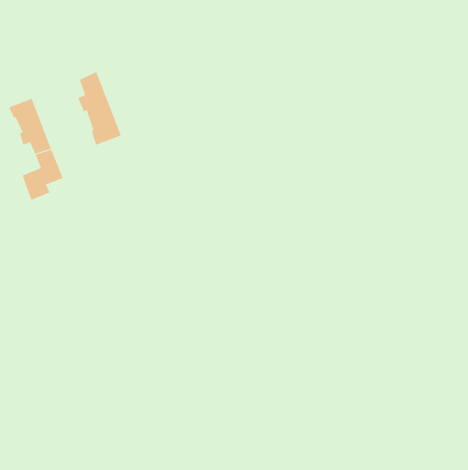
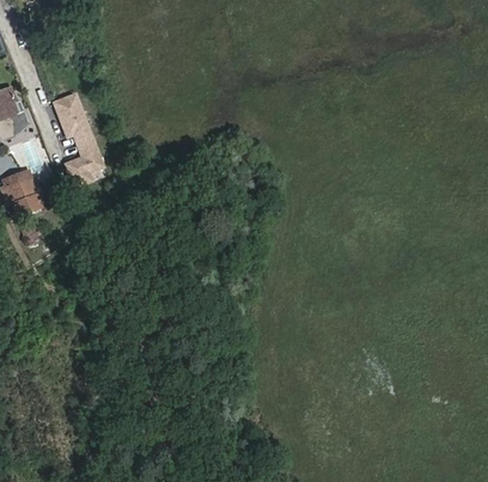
building: [77,71,121,145] -> none

